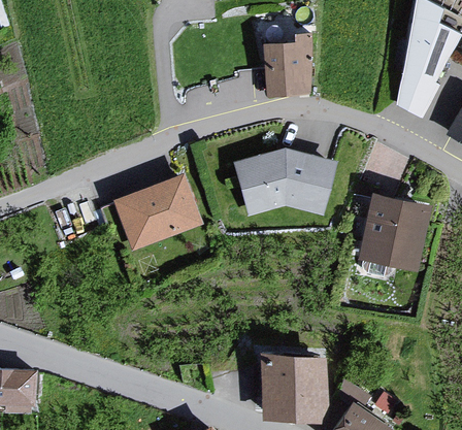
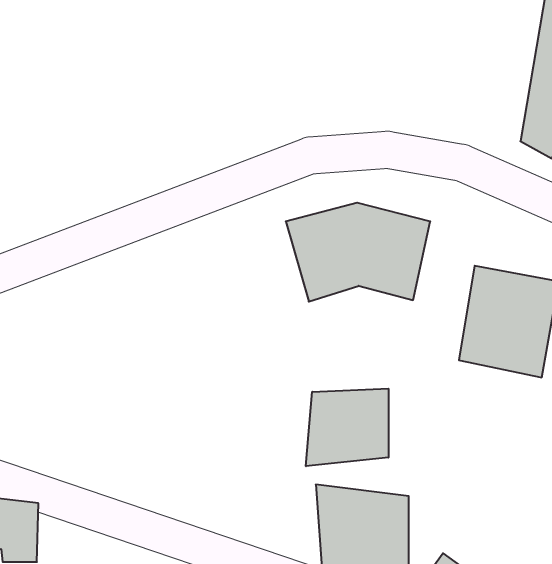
building: [257,31,309,97] -> none
building: [112,173,202,254] -> none
building: none -> [306,389,388,466]

